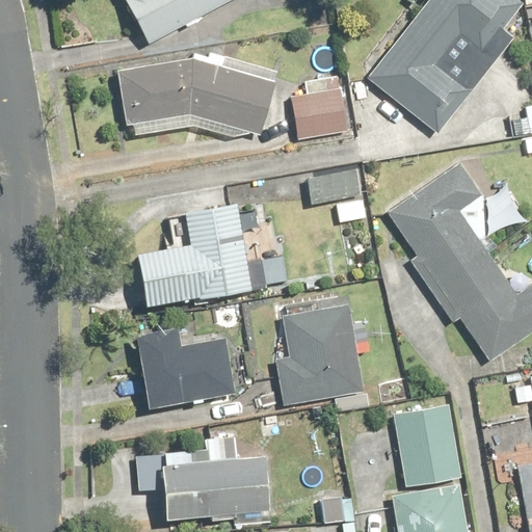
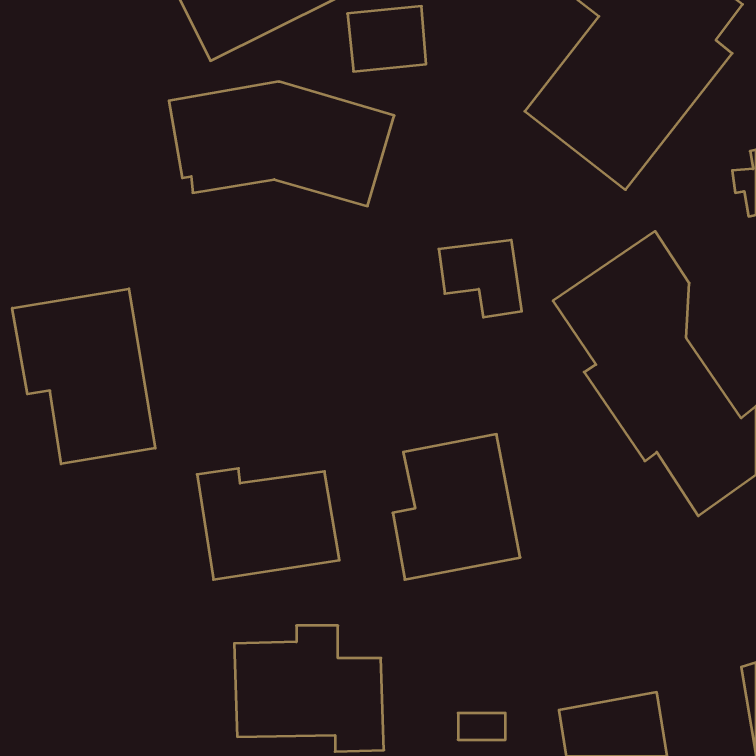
building: [291,91,346,137] -> [347,6,426,71]
building: none -> [12,289,155,464]
building: [138,203,266,305] -> none
building: [394,406,458,484] -> none

